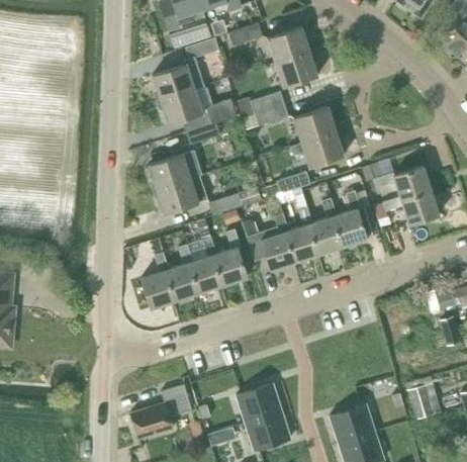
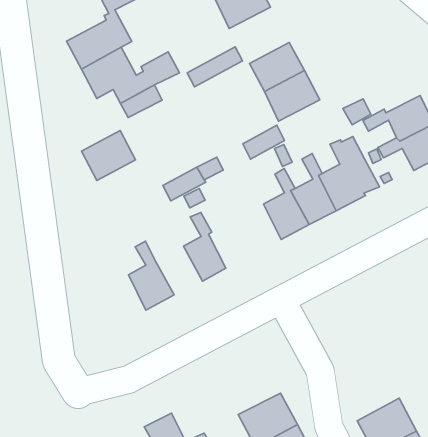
building: [237,91,284,117] -> none
building: [157,176,207,214] -> none
building: [247,213,294,270] -> none
building: [192,237,226,291] -> none
building: [141,252,178,308] -> none

